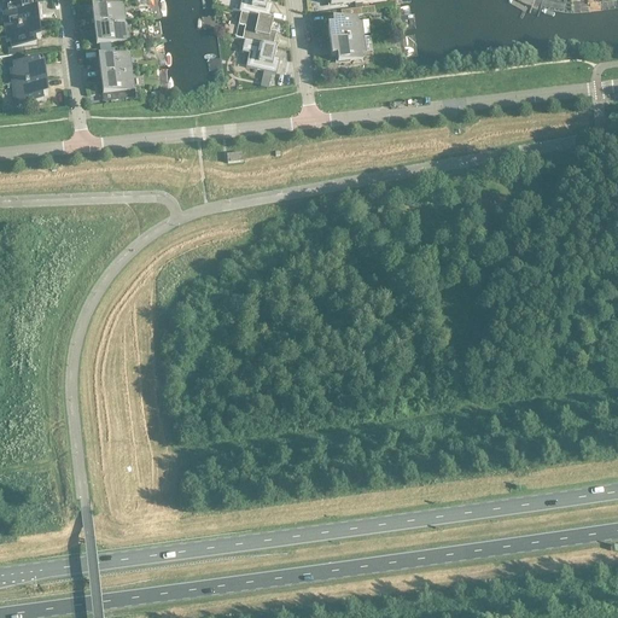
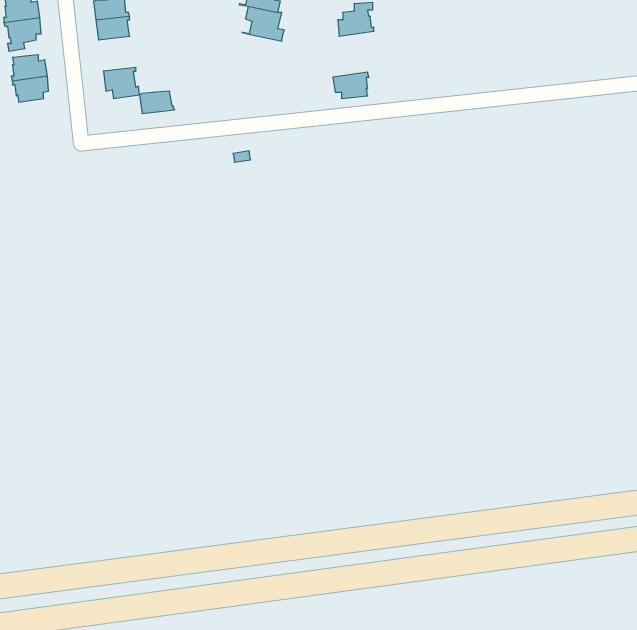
building: [328,30,363,56] -> [333,72,369,98]
building: [238,34,279,68] -> none
building: [98,47,132,69] -> [140,91,175,114]

